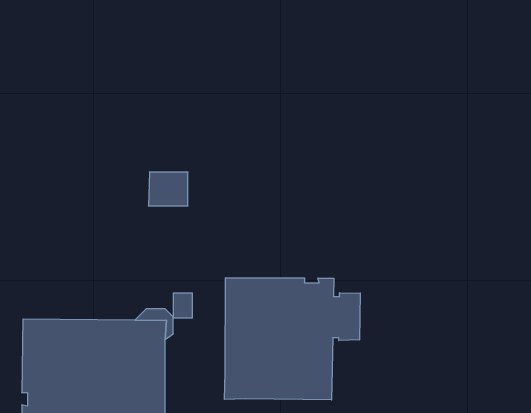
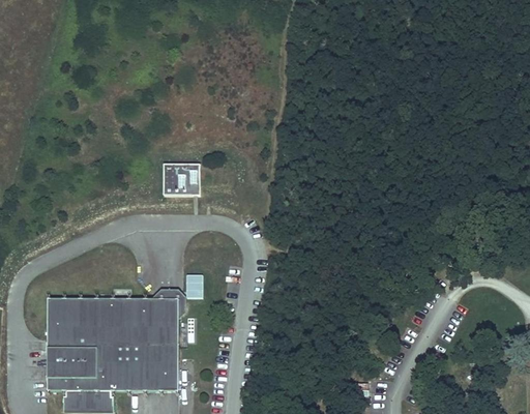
building: [225,278,360,400] -> none

